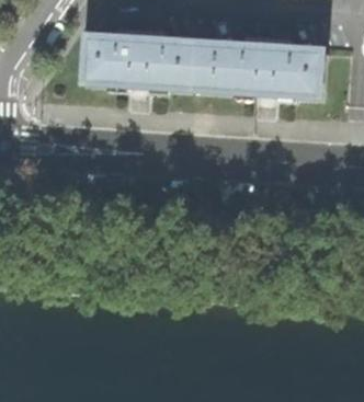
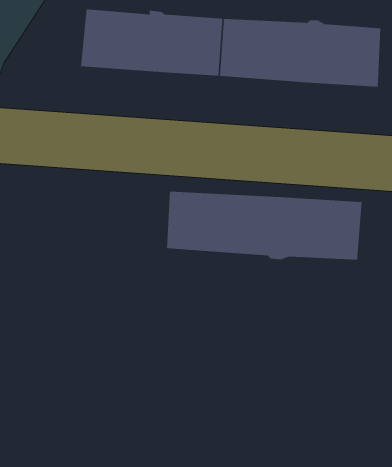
building: none -> [167,191,362,261]

